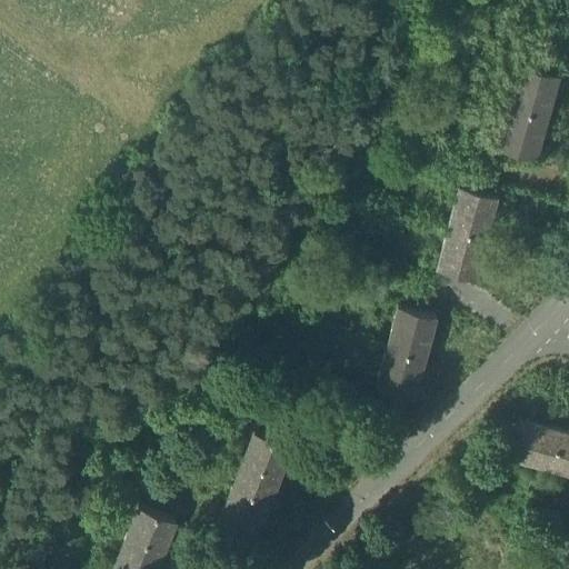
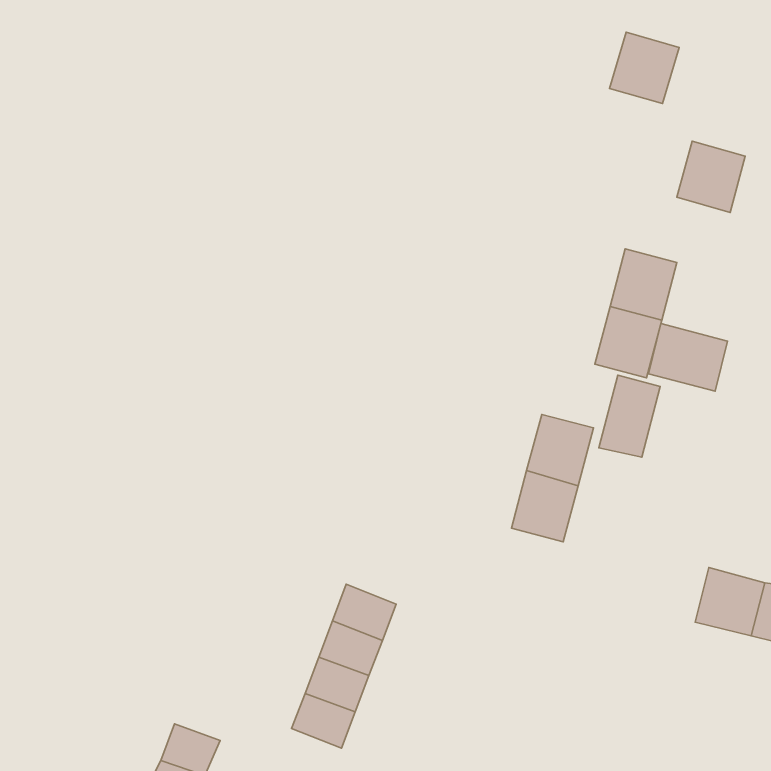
building: [510,66,561,118] -> [609,32,679,104]
building: none -> [649,323,728,391]
building: none -> [599,375,660,457]
building: [131,507,174,546] -> none

